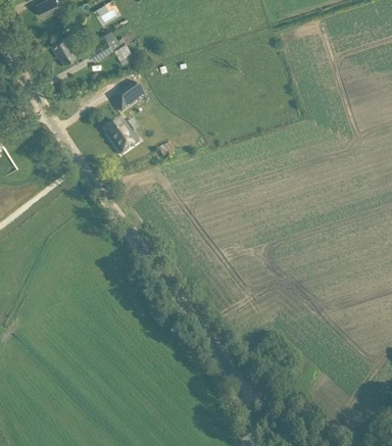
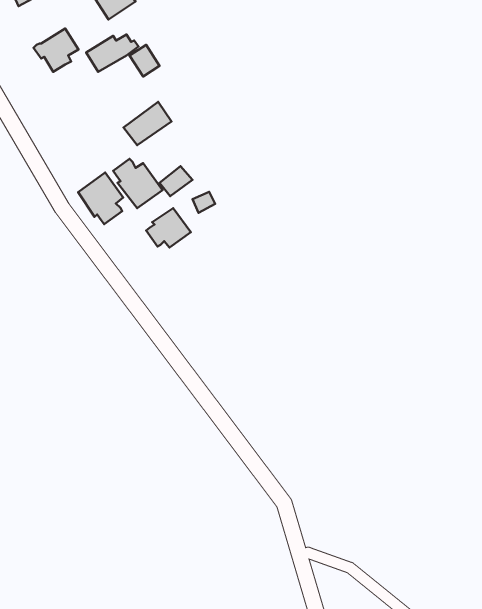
building: none -> [78,172,123,224]
building: none -> [146,208,191,248]

